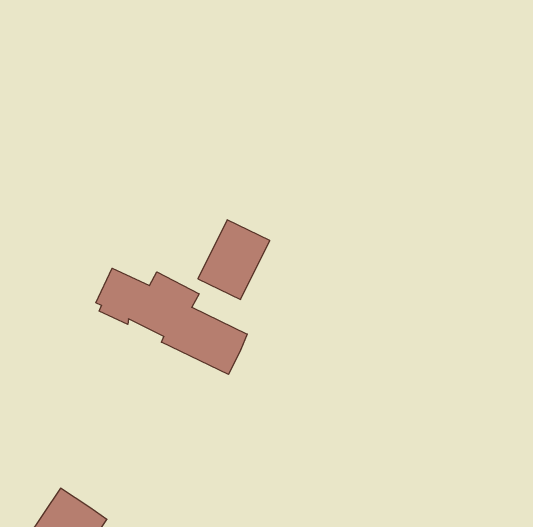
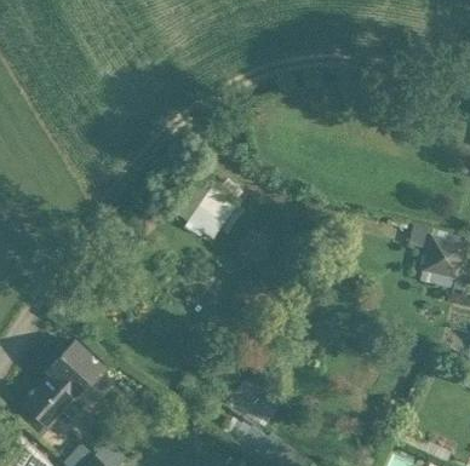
building: [96,268,247,374] -> none

